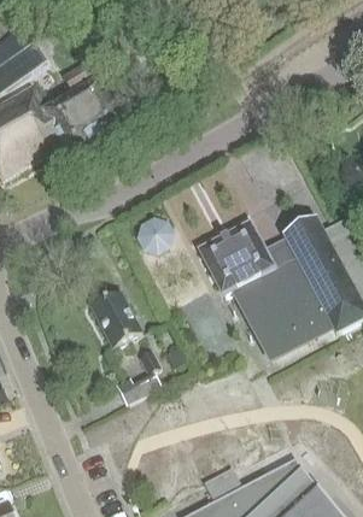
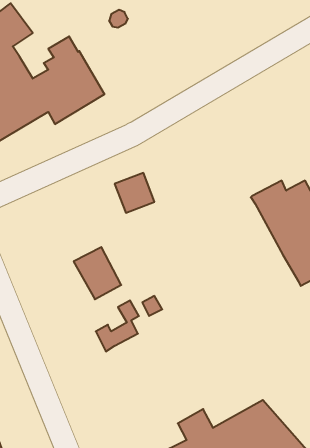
building: [198,222,334,364] -> none

